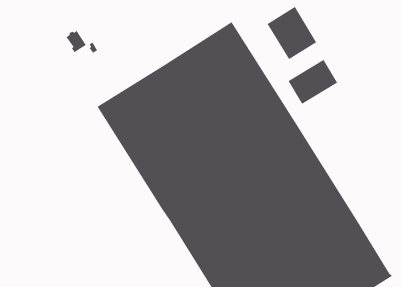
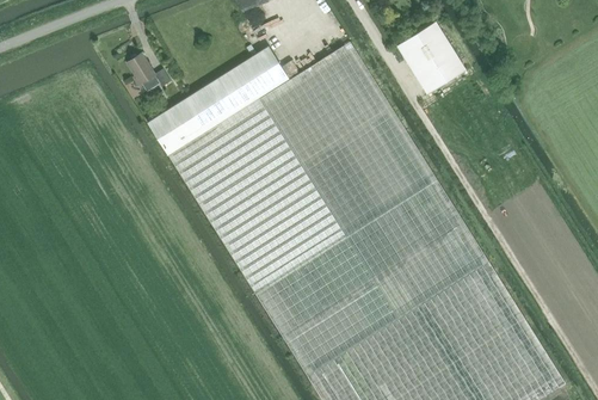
building: none -> [147,44,288,154]
building: [288,59,338,105] -> none

